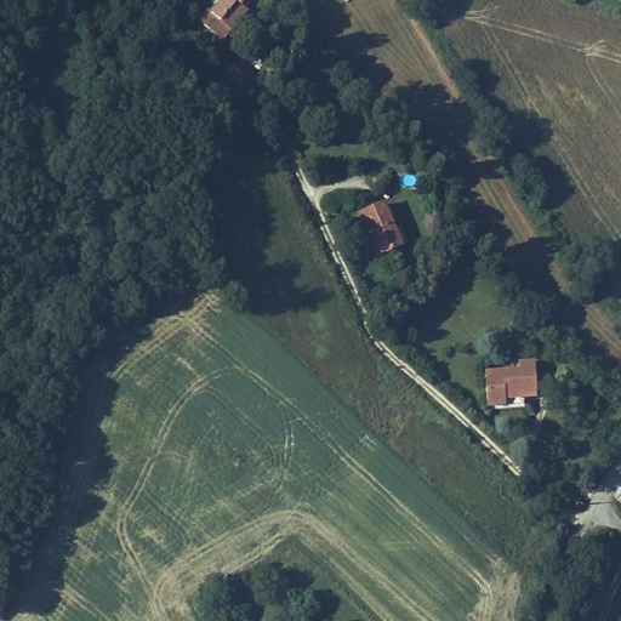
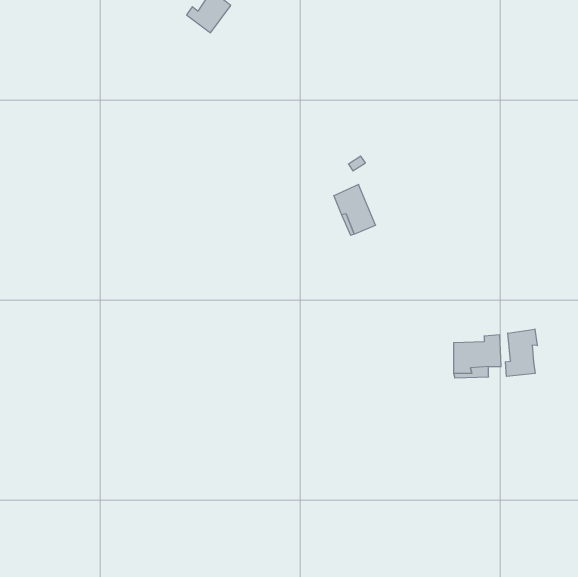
building: none -> [506,329,537,376]

